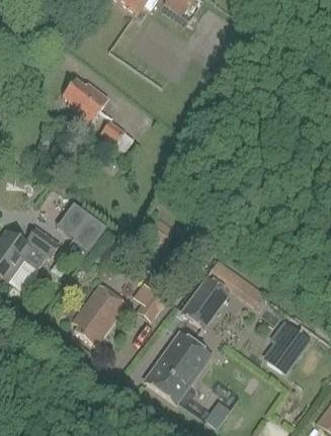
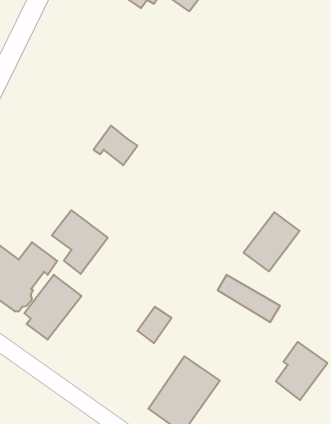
building: [64,80,107,120] -> none
building: [181,274,233,329] -> [244,212,300,271]
building: [72,284,125,344] -> [24,275,81,340]

